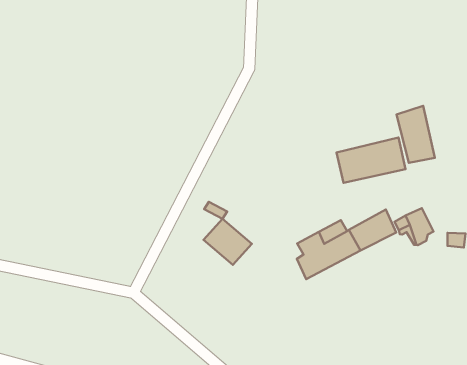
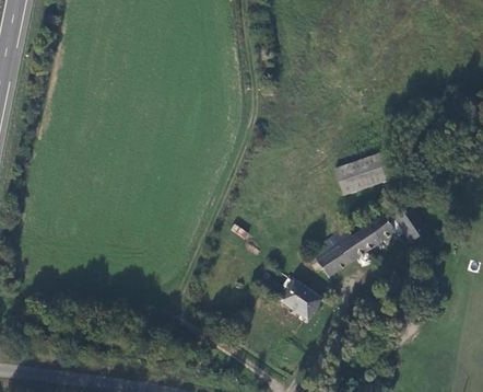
building: [397,106,435,163] -> none
building: [204,219,252,265] -> [281,281,322,320]

